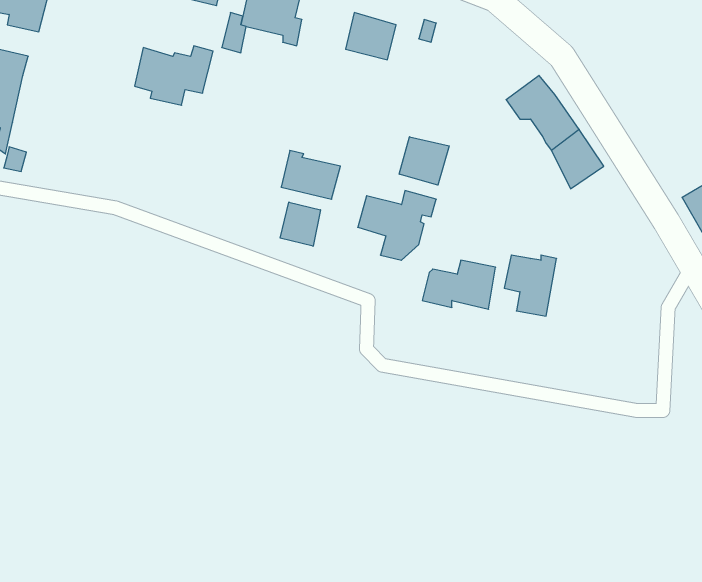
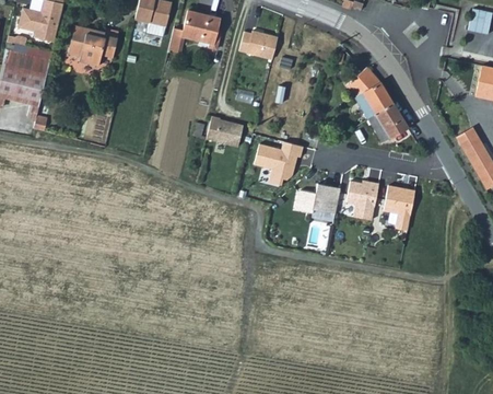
building: [135,46,213,105] -> [69,27,118,65]
building: [399,137,449,185] -> none
building: [280,202,320,246] -> none
building: none -> [385,186,416,231]

